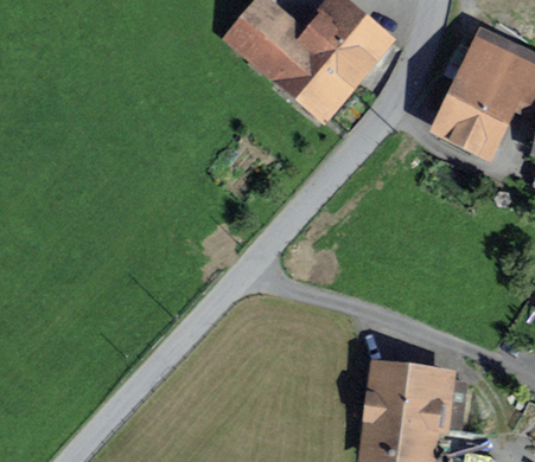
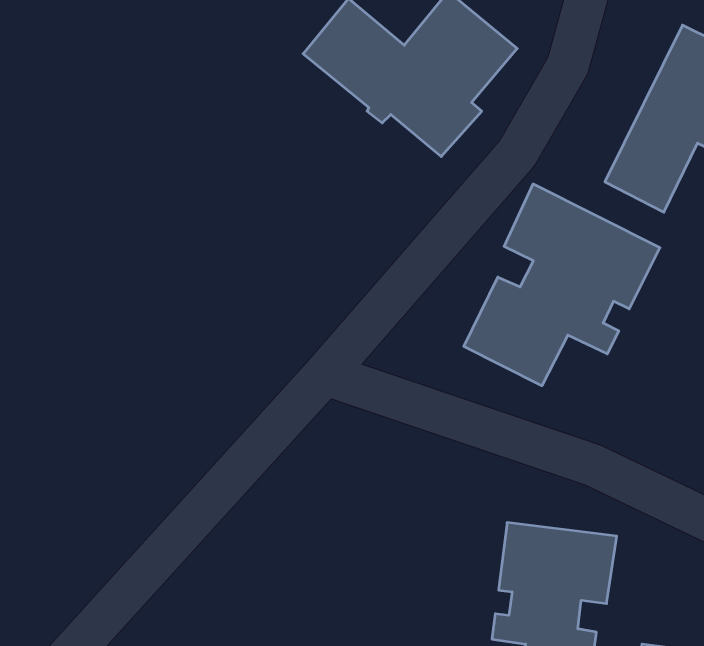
building: none -> [464,184,660,386]

